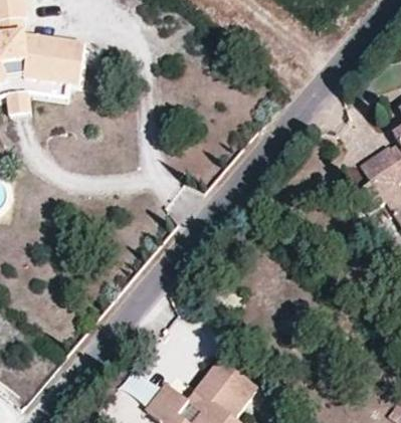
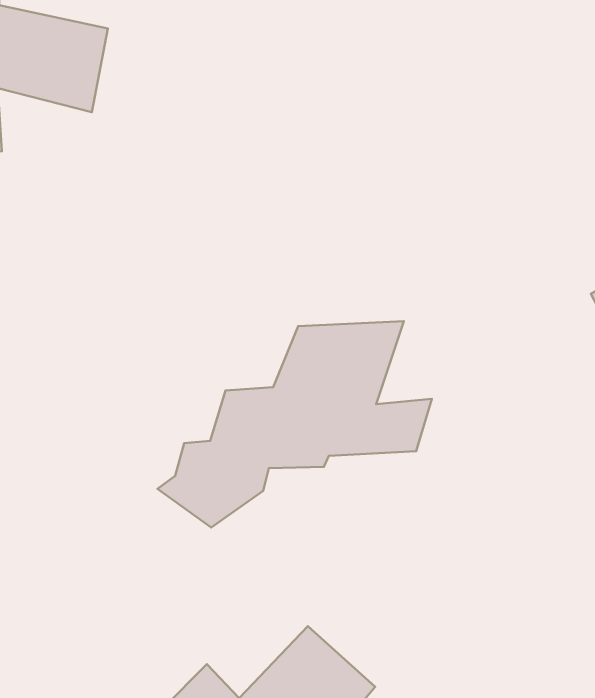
building: none -> [157,321,432,527]

